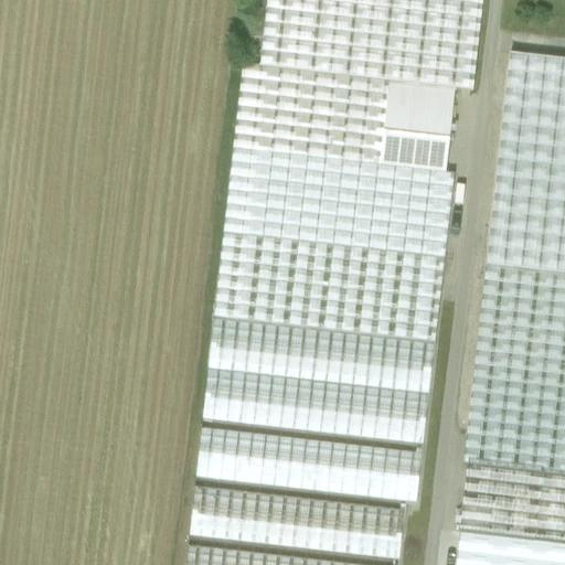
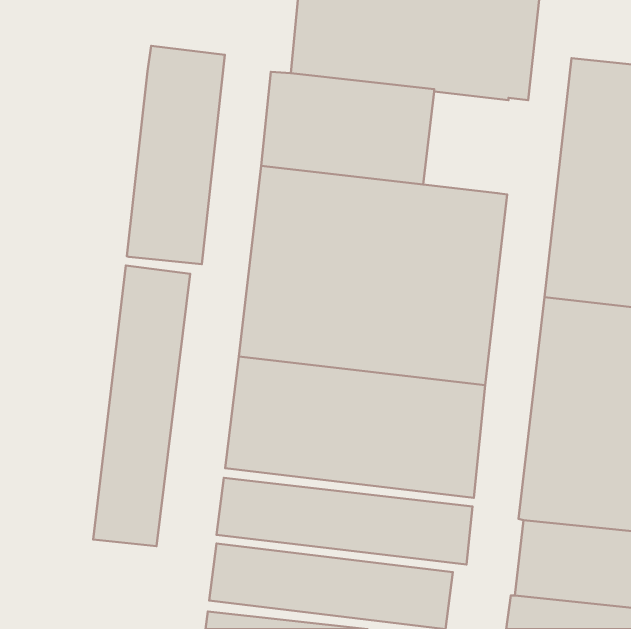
building: none -> [127,46,225,264]
building: [379,82,455,172] -> none
building: none -> [93,265,190,546]

